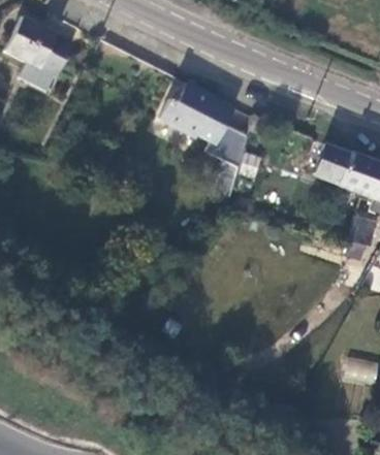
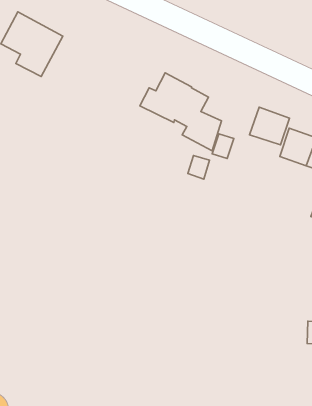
building: none -> [250,107,289,145]

